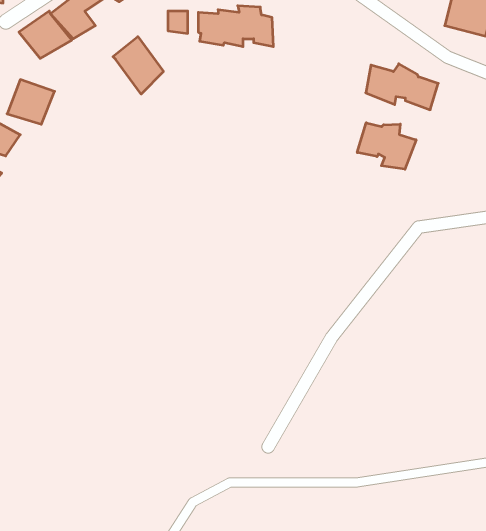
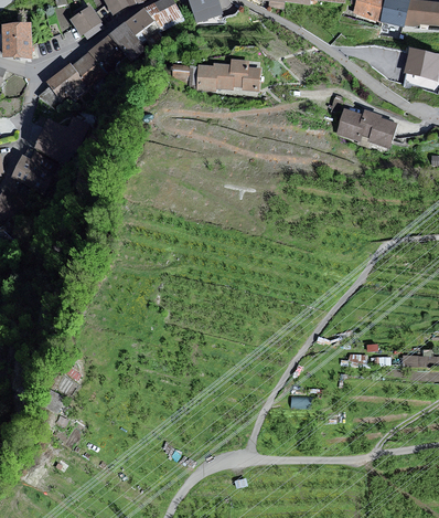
building: [113,37,163,94] -> none
building: [357,123,416,169] -> none

